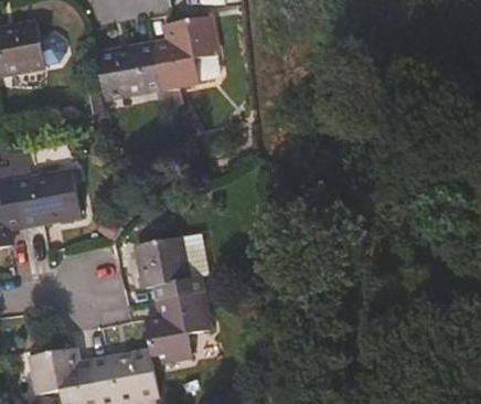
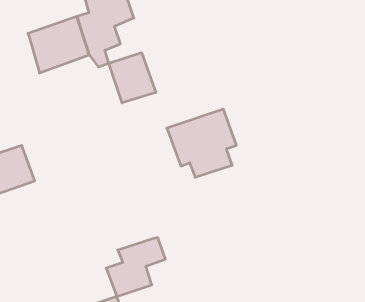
building: none -> [109,53,156,103]
building: [136,234,207,302] -> [167,109,236,177]

